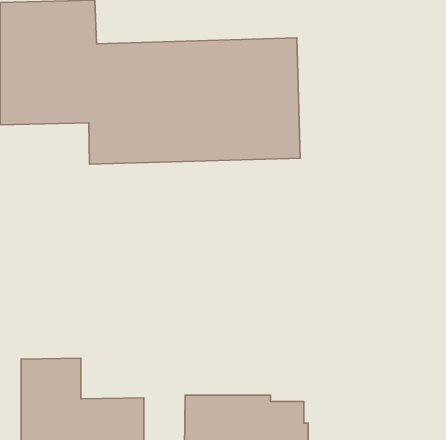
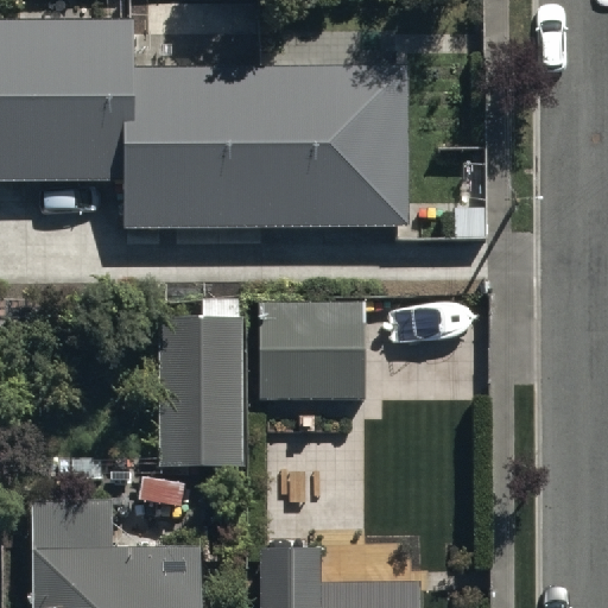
building: none -> [254,302,365,404]
building: none -> [157,316,246,470]

